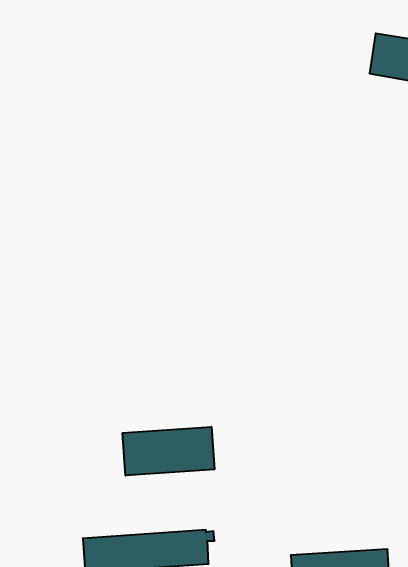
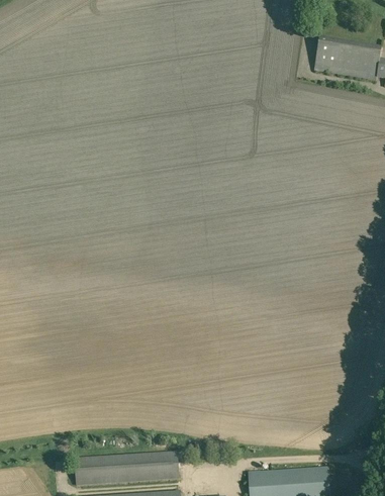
building: [123,427,214,476] -> none

